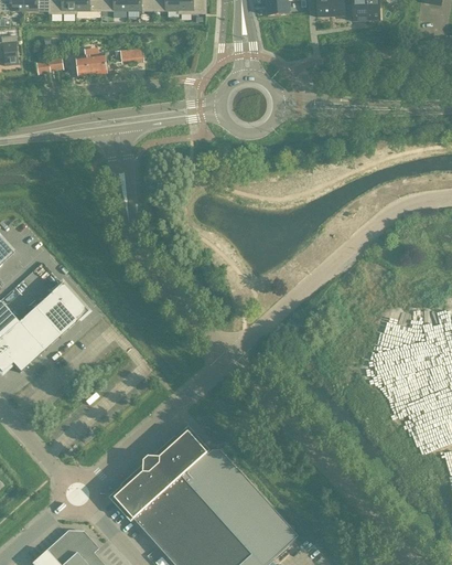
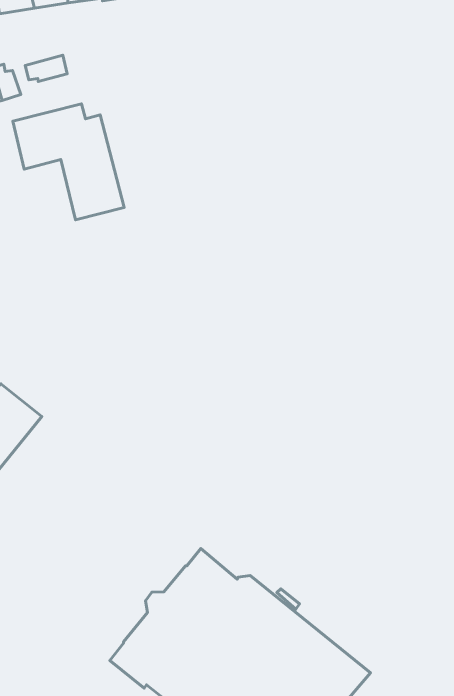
building: none -> [13,104,124,220]

